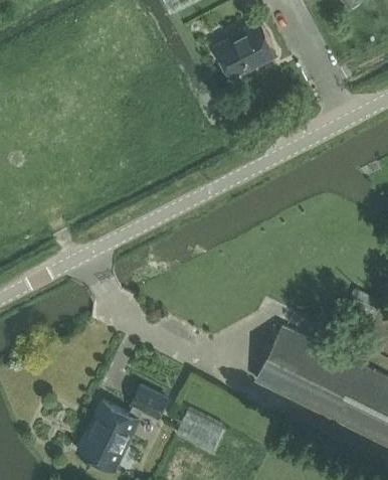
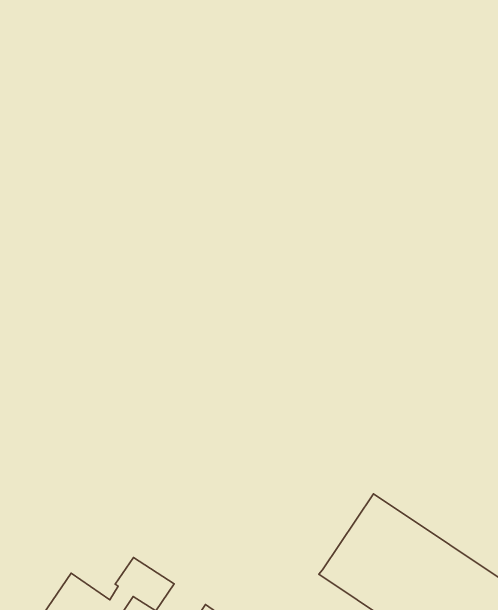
building: [215,26,275,78] -> none

